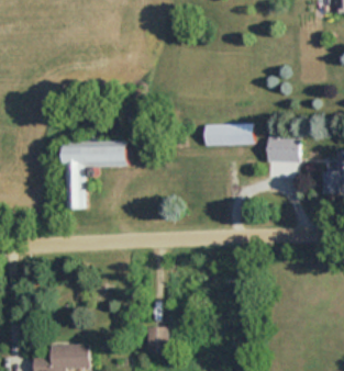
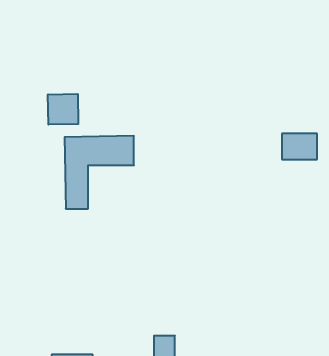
building: none -> [48,94,78,125]
building: [203,125,252,146] -> none

